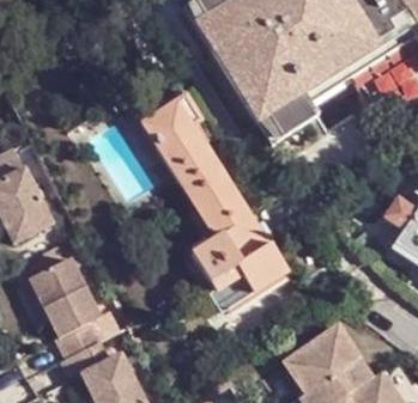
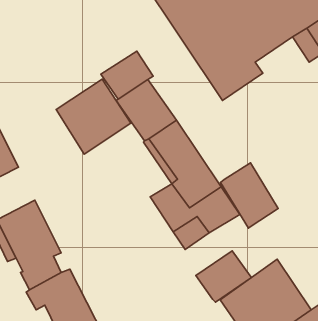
building: none -> [56,79,131,154]
building: none -> [221,163,278,228]
building: none -> [196,251,252,302]

